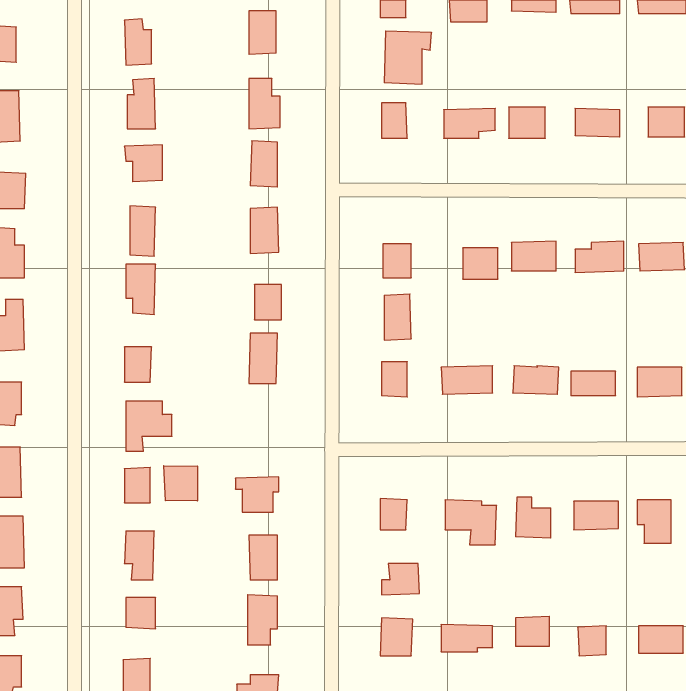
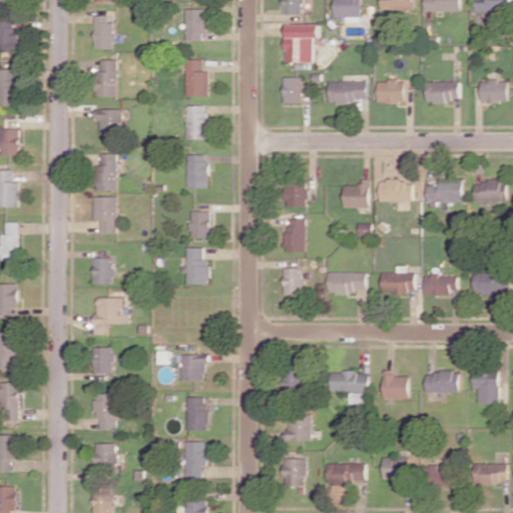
building: [164,466,197,501] -> none

